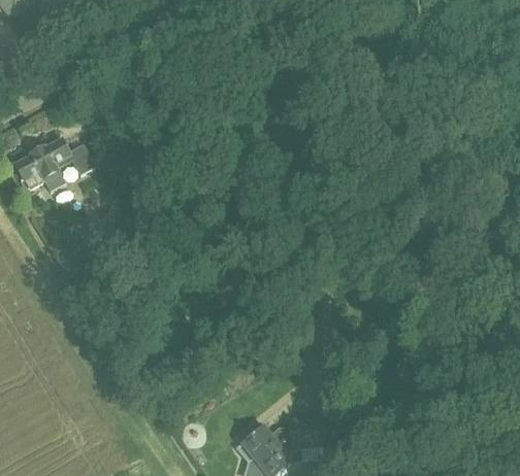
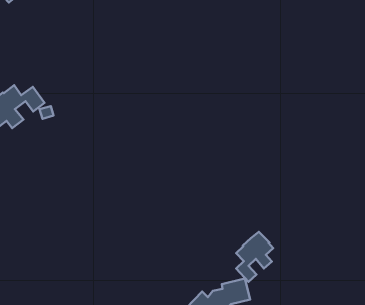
building: none -> [236,232,273,282]

